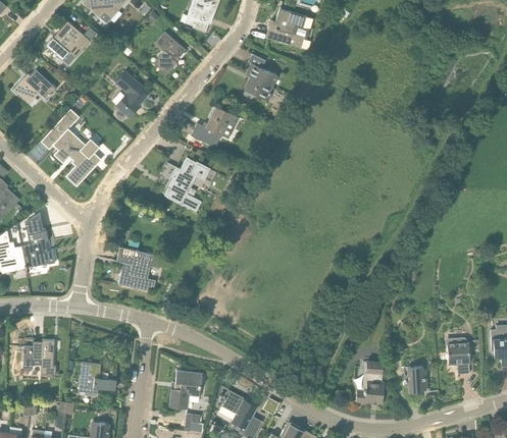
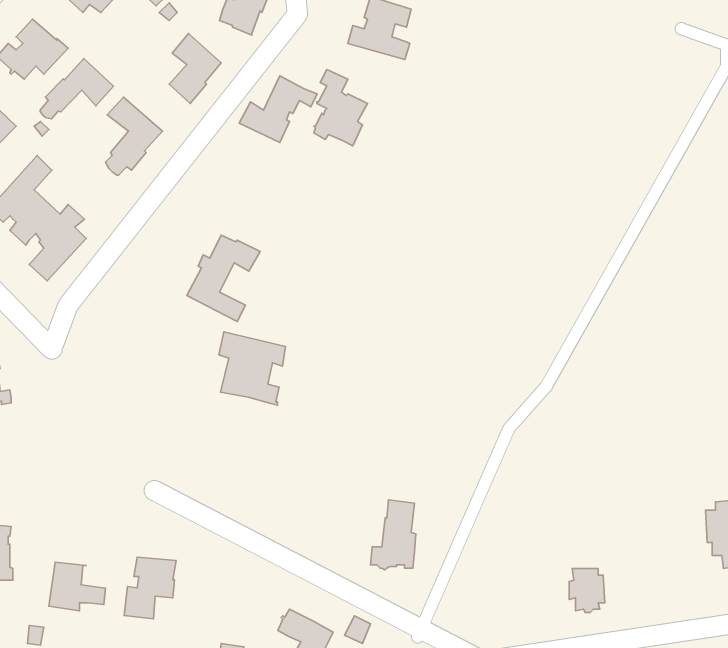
building: none -> [40,59,113,119]
building: [190,106,239,148] -> [239,76,317,143]
building: [116,247,158,292] -> [219,332,286,405]
building: [445,337,469,374] -> none
building: [355,361,384,404] -> [370,500,416,570]
building: [168,371,201,409] -> [124,557,176,619]

